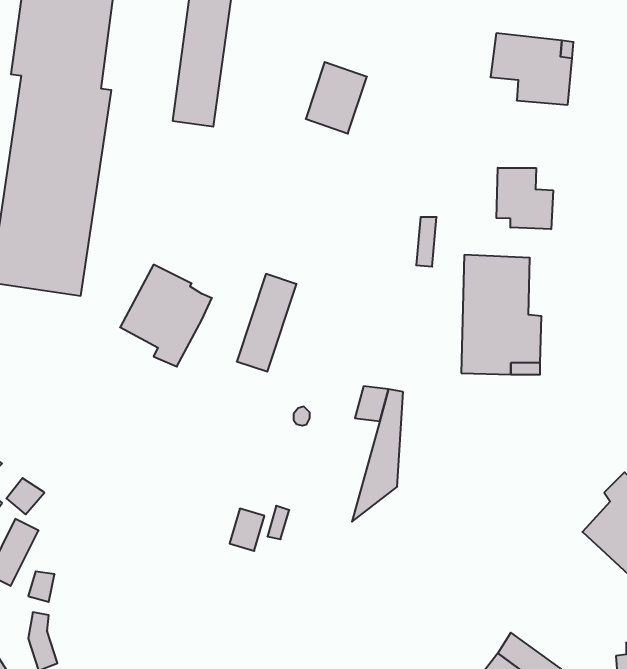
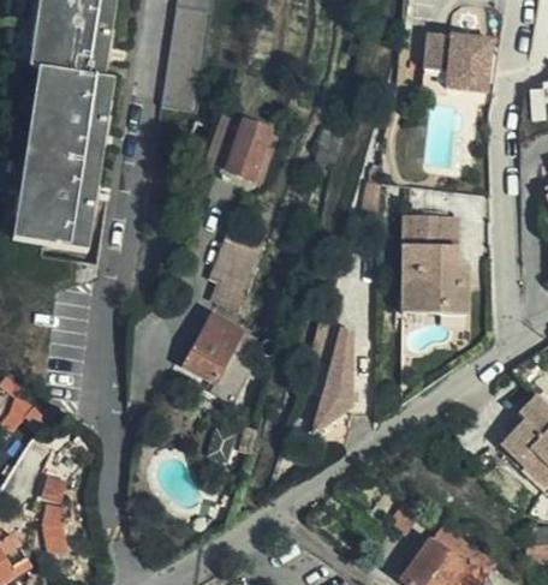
building: [306,62,367,134] -> [226,121,276,180]
building: [496,168,553,229] -> none
building: [120,265,212,367] -> [185,314,261,398]

